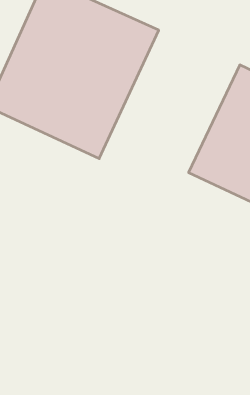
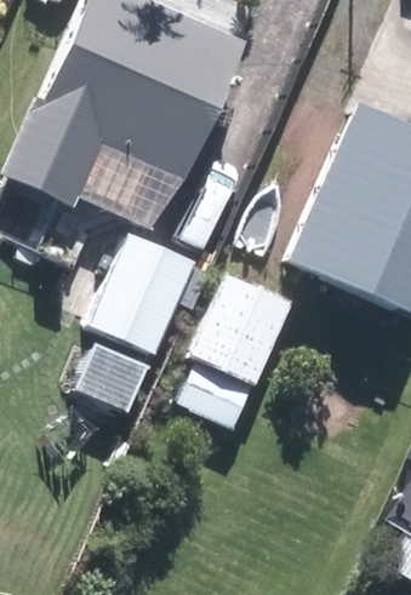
building: none -> [72,235,195,412]
building: none -> [179,271,282,429]

